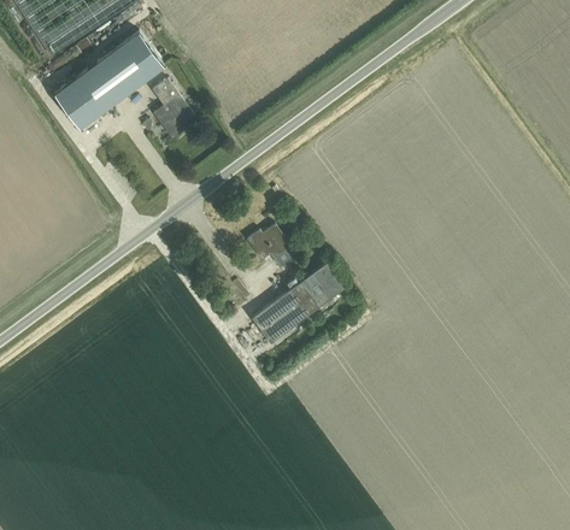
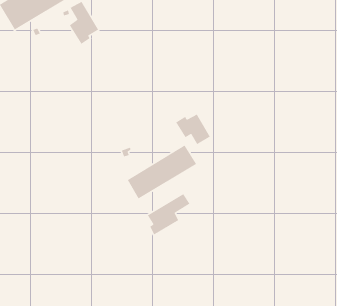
building: [246,225,296,269] -> [175,114,211,145]
building: none -> [147,193,190,235]

